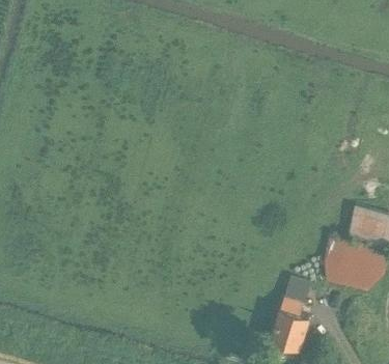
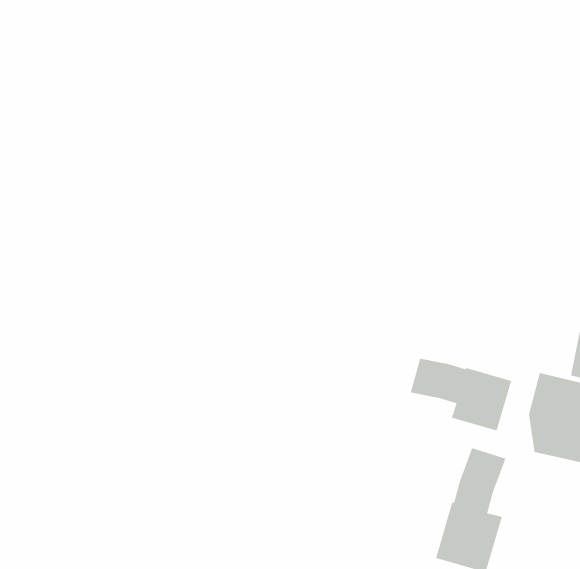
building: none -> [410,358,512,432]

